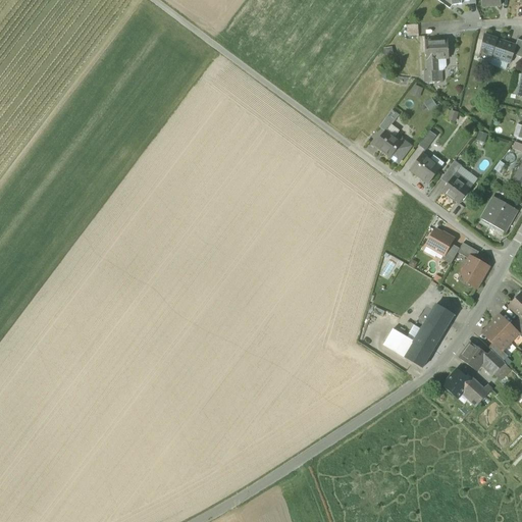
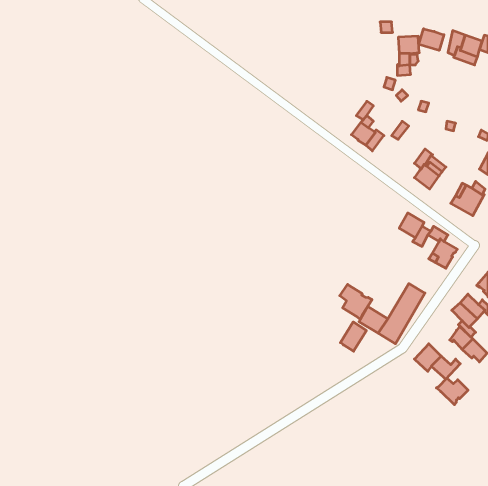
building: none -> [419,29,444,50]
building: [410,153,440,182] -> none
building: none -> [340,284,372,320]
building: [459,342,487,369] -> none
building: none -> [340,322,366,351]
building: none -> [436,378,468,405]

